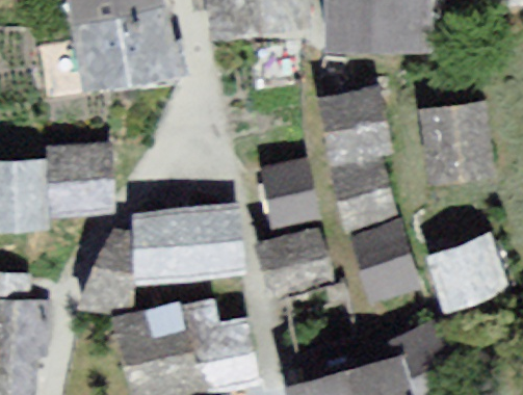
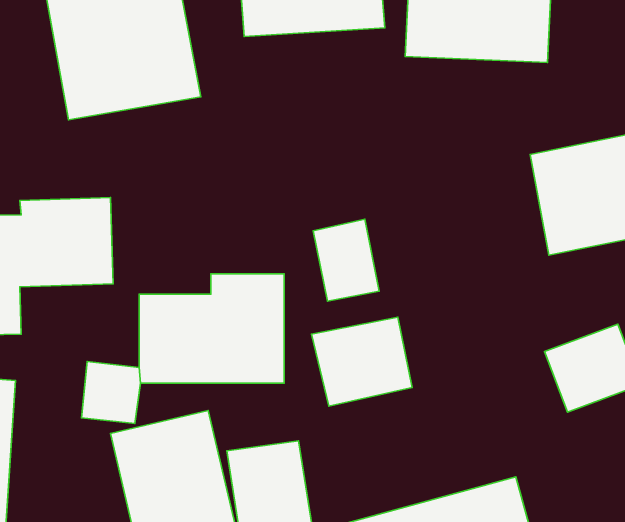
building: [319,82,427,306] -> none

